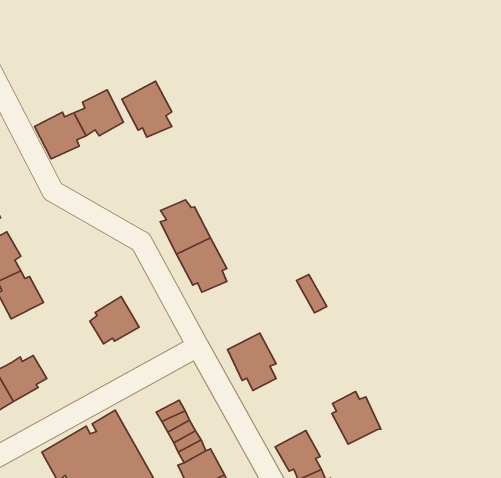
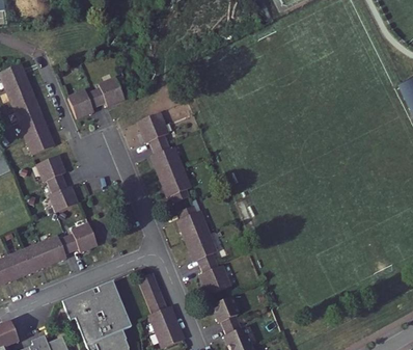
building: [122,81,172,137] -> [140,116,171,152]
building: none -> [178,211,209,245]
building: [90,297,139,344] -> [62,222,93,251]
building: [332,391,381,444] -> [199,267,229,300]

